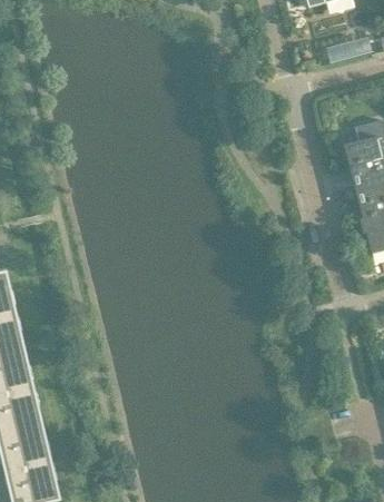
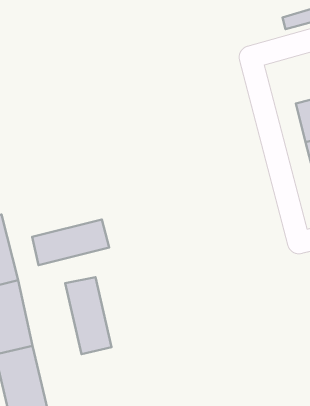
building: none -> [32,219,109,265]
building: none -> [65,277,112,354]

